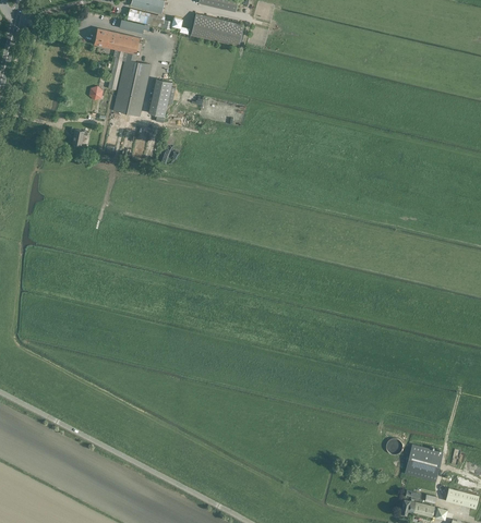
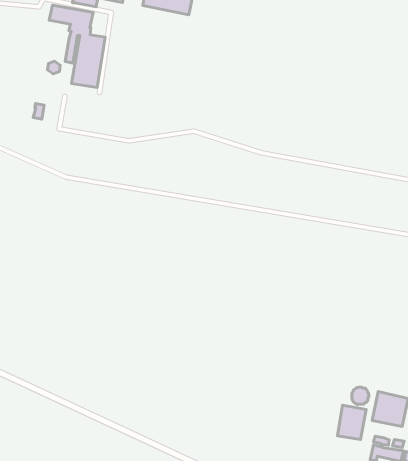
building: [147,80,172,117] -> none
building: none -> [338,405,366,440]

